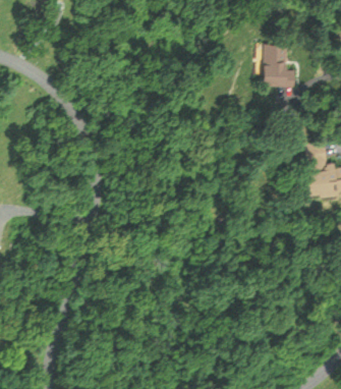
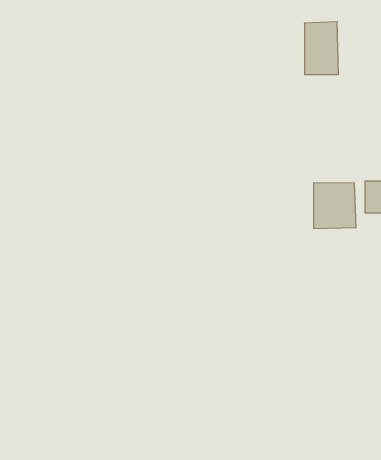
building: none -> [314,183,356,229]

